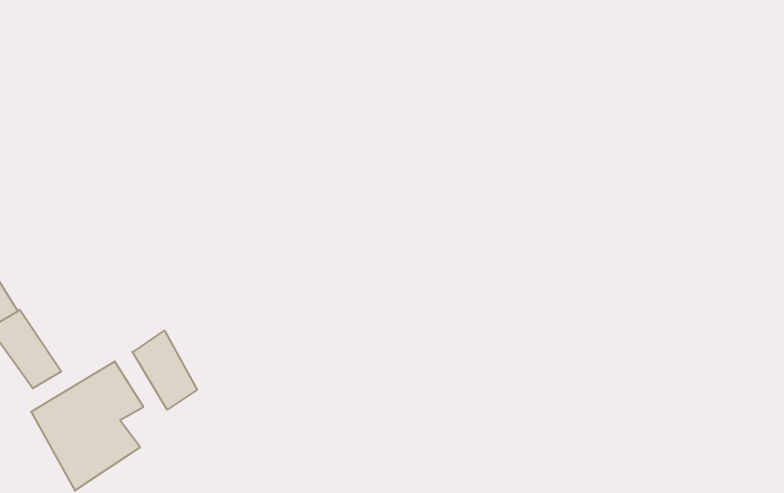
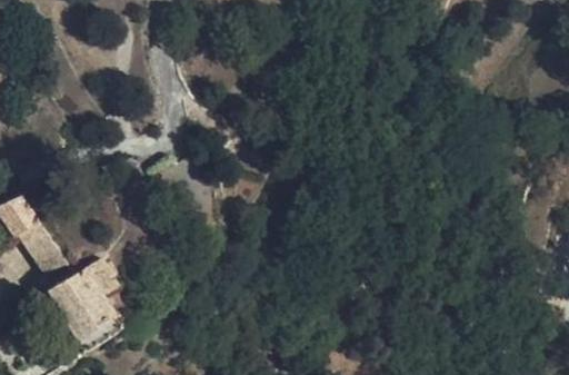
building: [132,331,197,410] -> none

